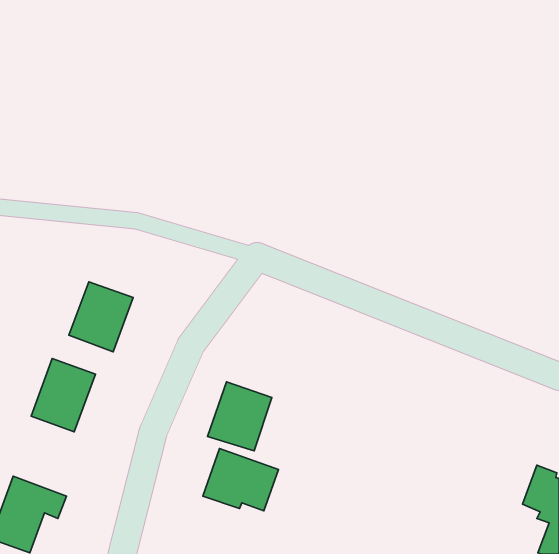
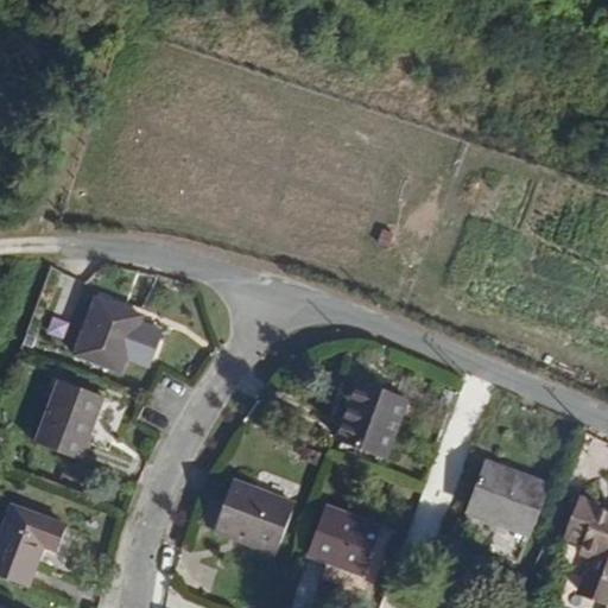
building: [208,382,272,451] -> [338,379,407,452]
building: none -> [466,451,546,527]
building: none -> [308,504,381,570]

